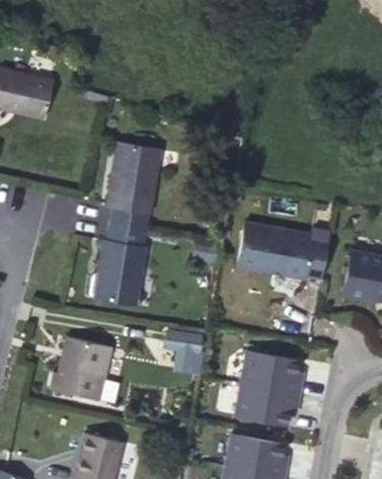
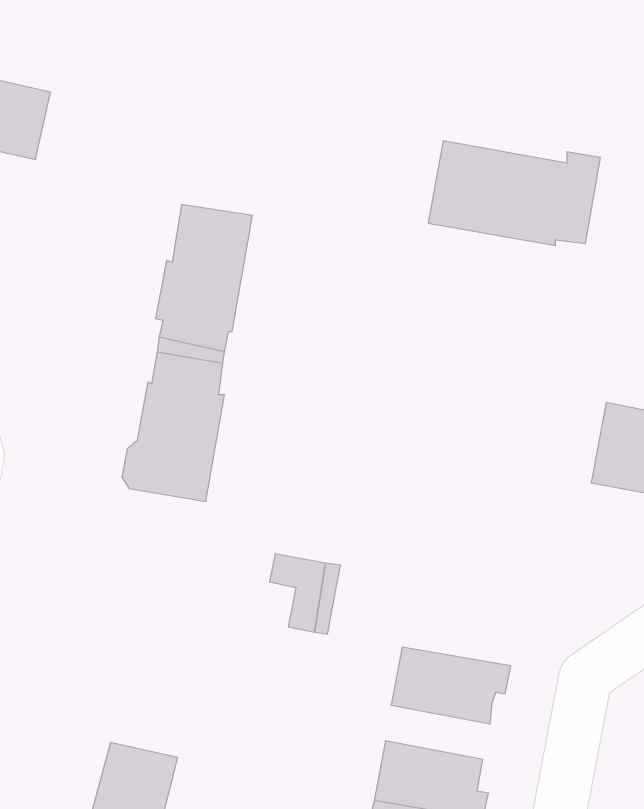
building: [237,223,330,280] -> [428,141,600,245]
building: [49,336,111,400] -> none
building: [241,351,303,394] -> none

